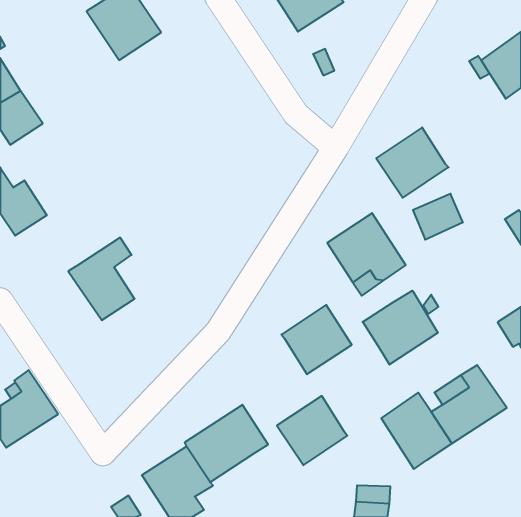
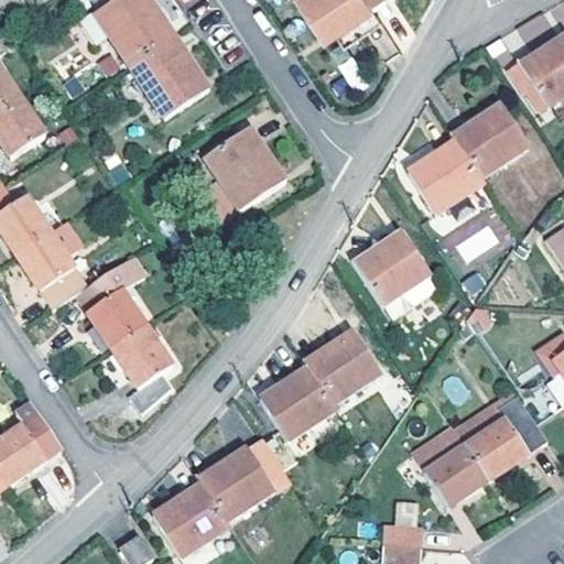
building: none -> [129,35,210,118]
building: none -> [453,102,528,177]
building: none -> [202,127,285,221]
building: none -> [17,232,86,308]
building: [363,291,438,365] -> none
building: none -> [110,323,172,411]
building: [277,396,347,465] -> [259,366,335,441]

